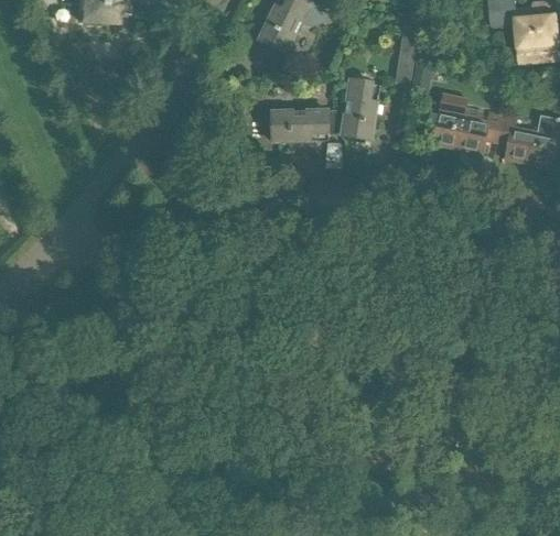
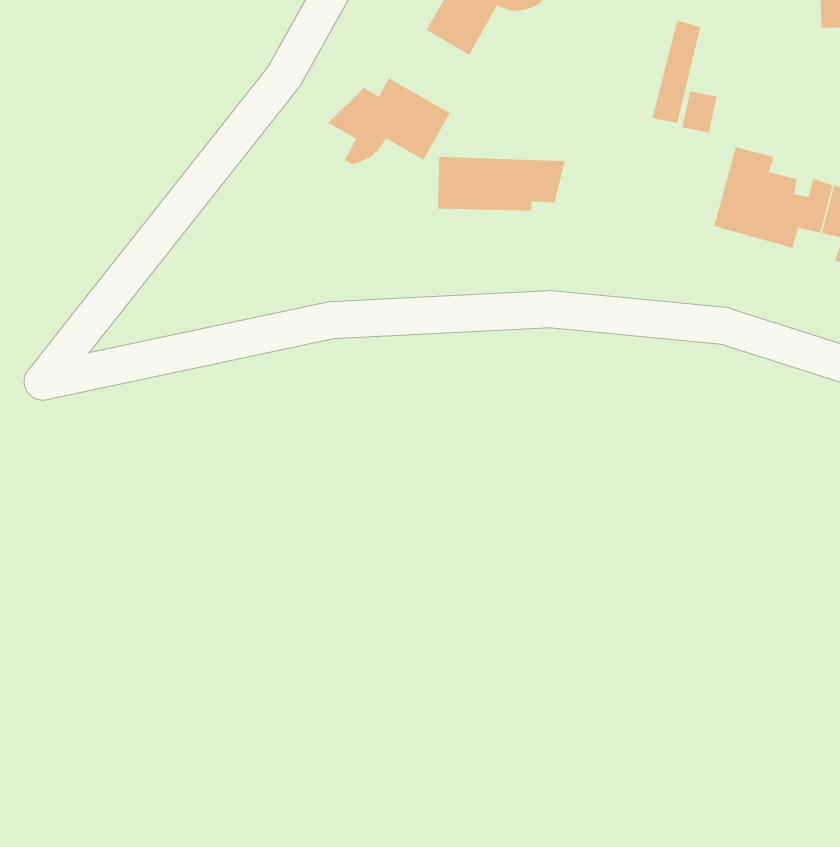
building: none -> [327,77,451,165]
building: [342,80,380,139] -> none

